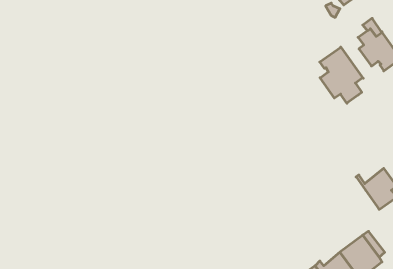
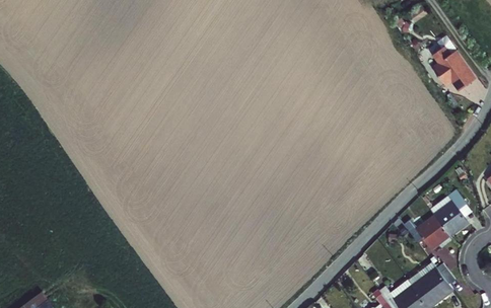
building: [320,47,363,103] -> none
building: none -> [404,215,450,249]

